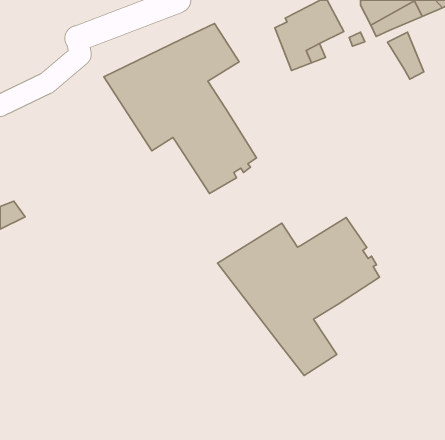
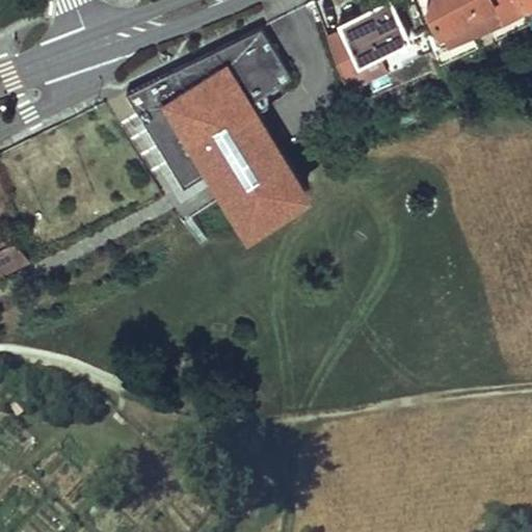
building: [388,32,424,79] -> none
building: [218,217,379,376] -> none

